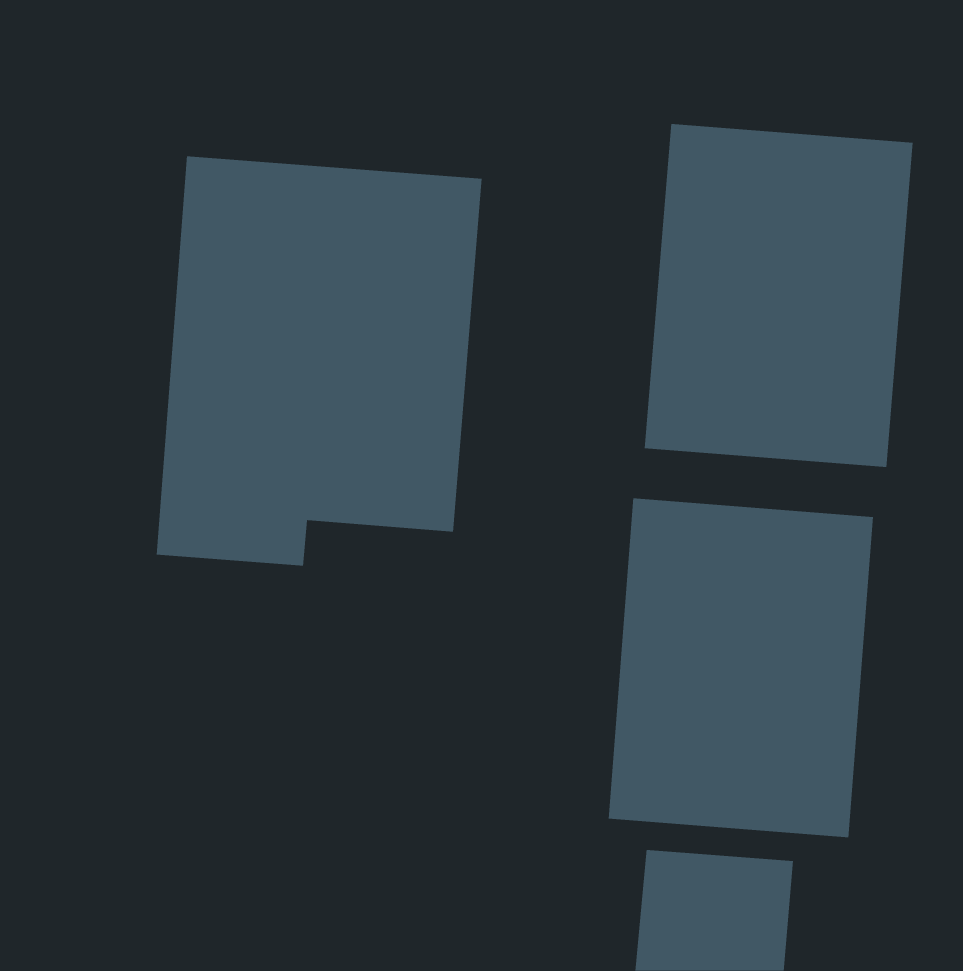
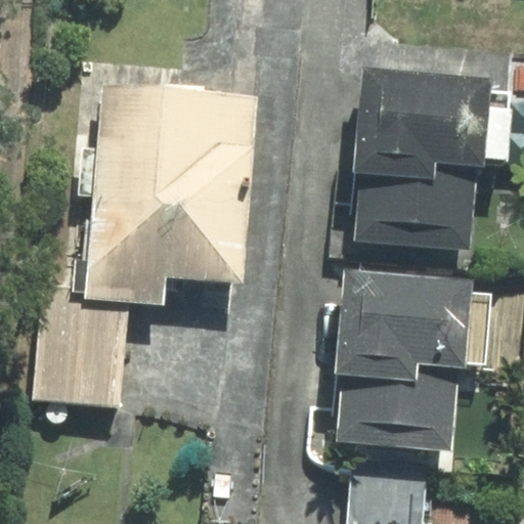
building: none -> [33,303,127,407]

